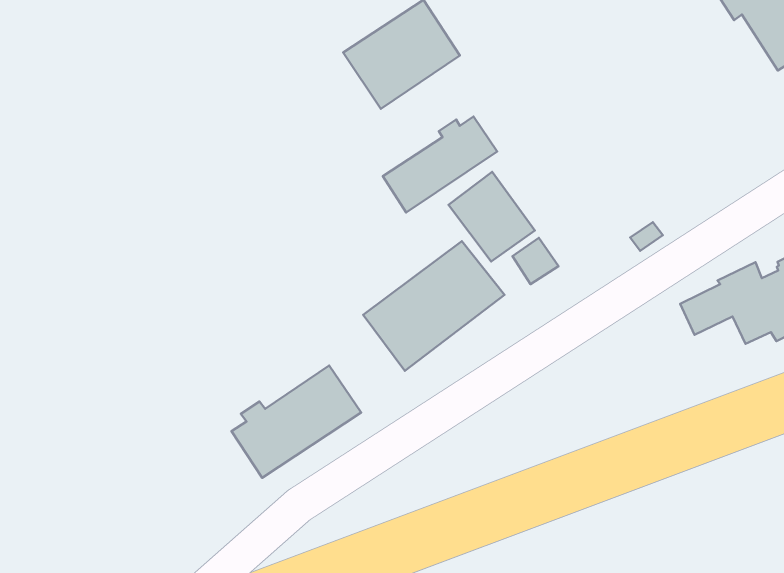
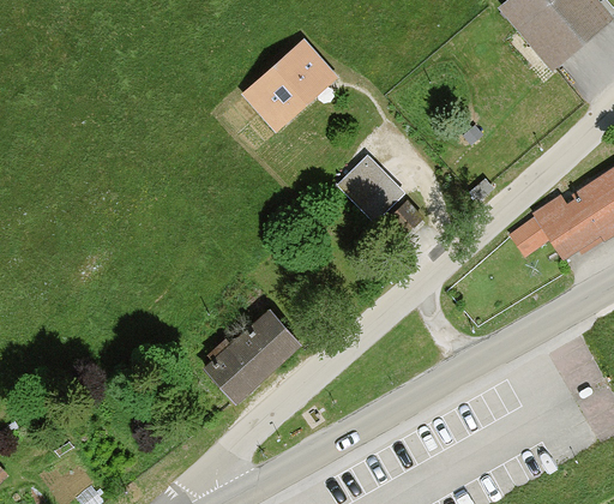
building: [383,117,497,213] -> none
building: [363,241,504,371] -> none

